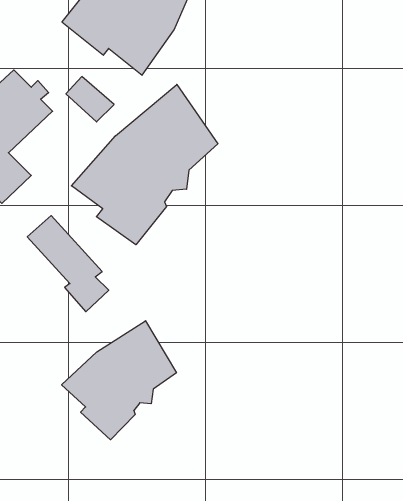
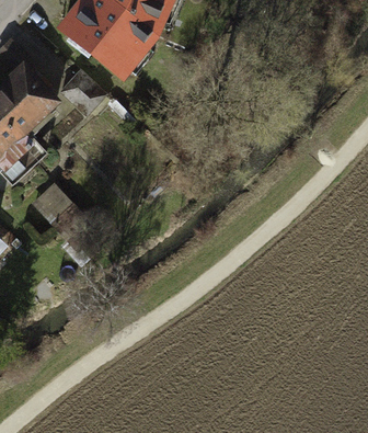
building: [71,84,218,245] -> none
building: [62,321,176,440] -> none

